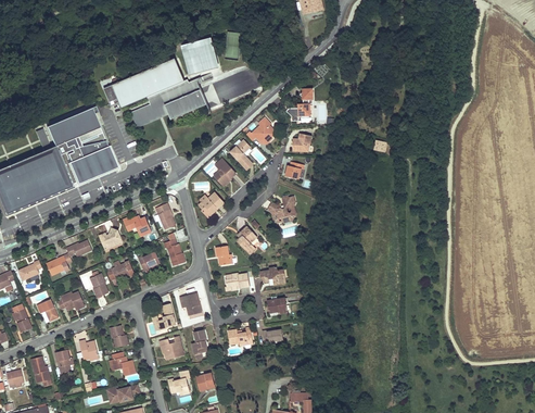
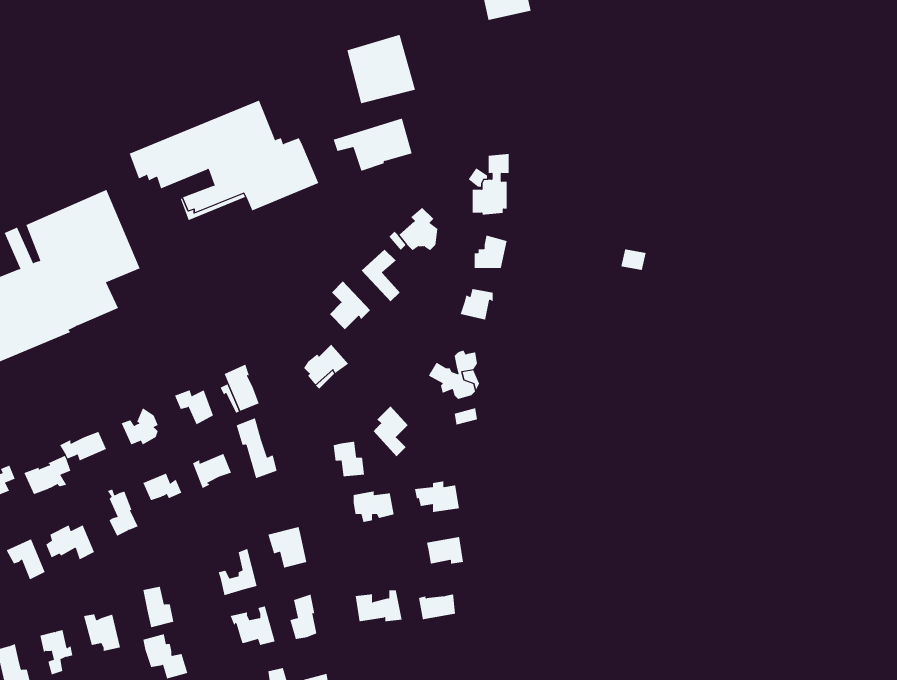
building: [180,36,218,74] -> [346,34,416,104]
building: [75,108,118,186] -> none

